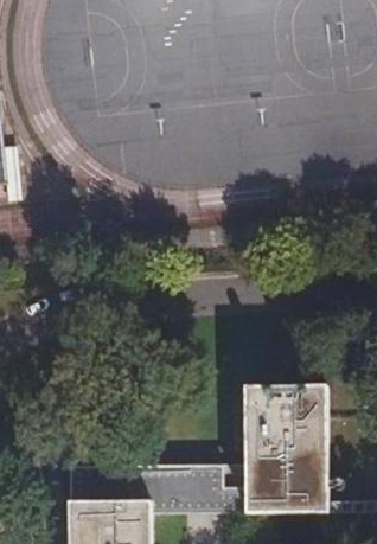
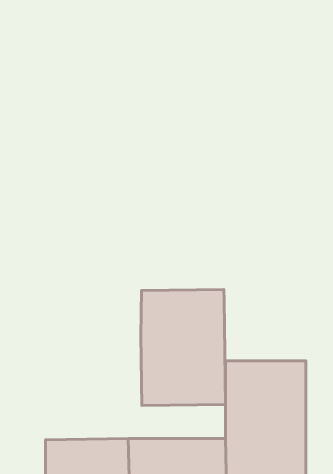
building: none -> [141,290,225,405]

